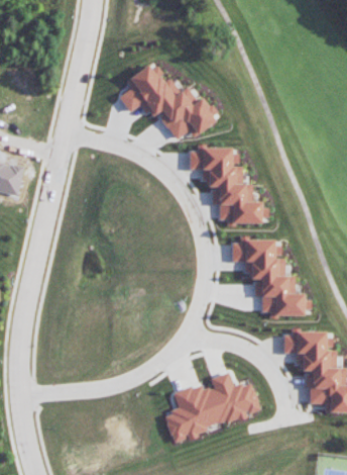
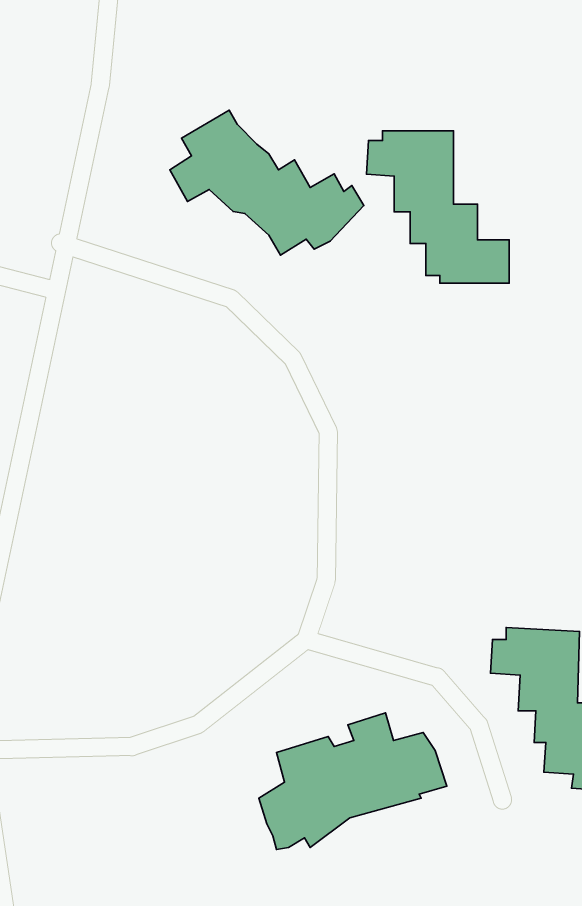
building: [189,147,261,224] -> [367,131,509,283]
building: [231,236,305,316] -> none

